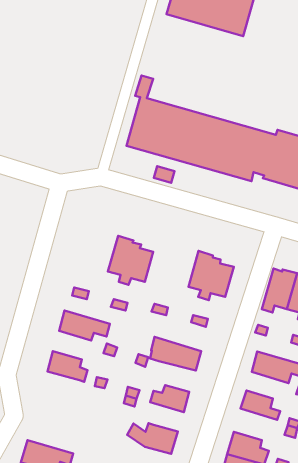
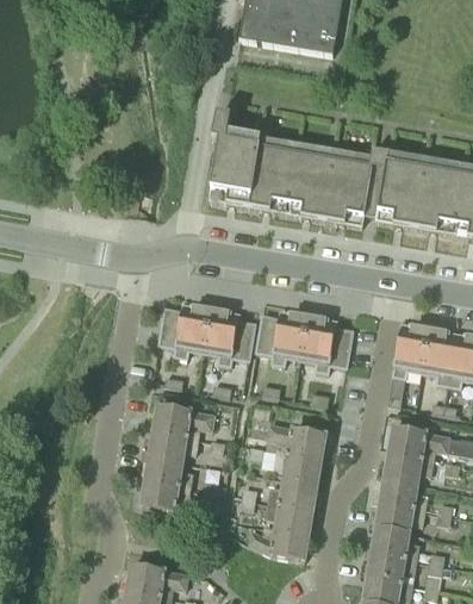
building: none -> [158,303,211,355]
building: none -> [256,310,309,363]
building: none -> [149,428,199,459]
building: none -> [274,450,322,482]
building: none -> [141,478,200,515]
building: none -> [385,450,434,479]
building: none -> [269,500,313,531]
building: none -> [375,496,425,530]

